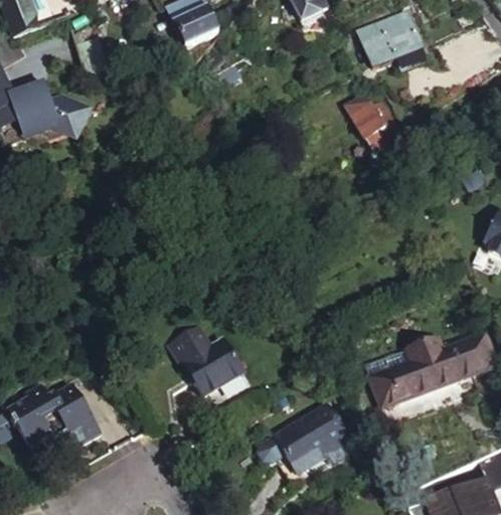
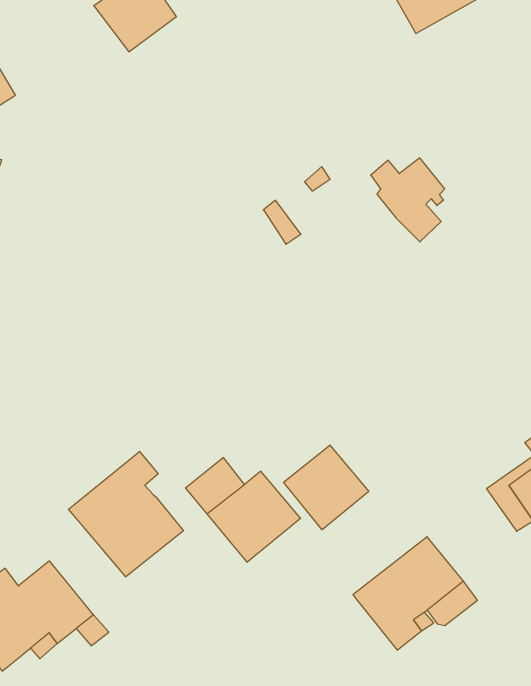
building: [347,93,394,150] -> [371,158,445,242]
building: none -> [69,451,184,577]
building: none -> [284,445,369,530]

